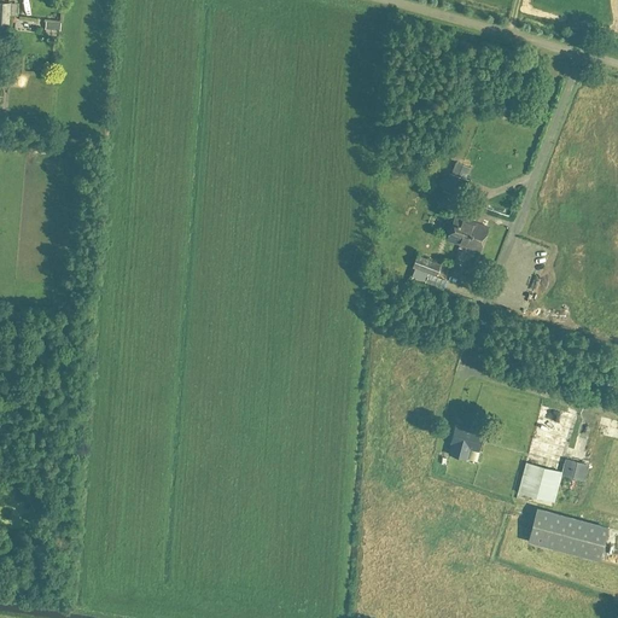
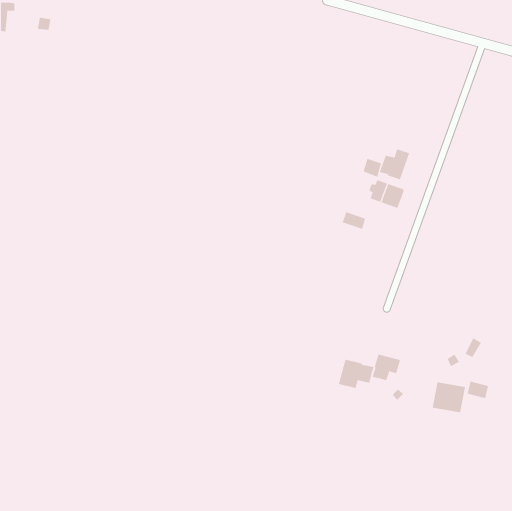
building: none -> [379,149,410,180]
building: none -> [338,359,374,389]
building: [527,509,607,560] -> none

